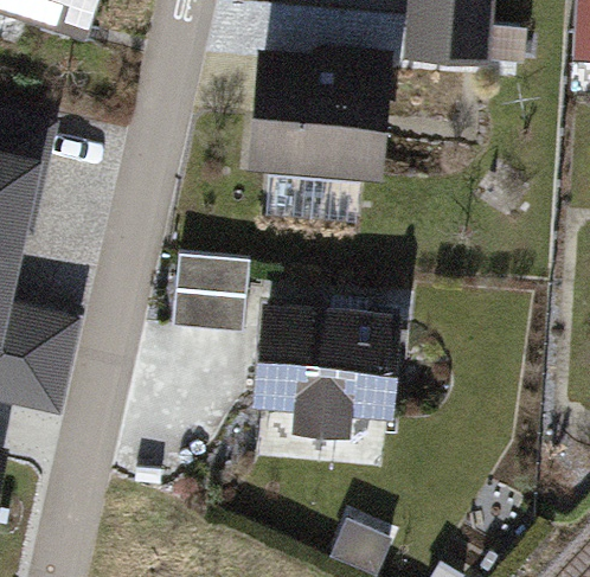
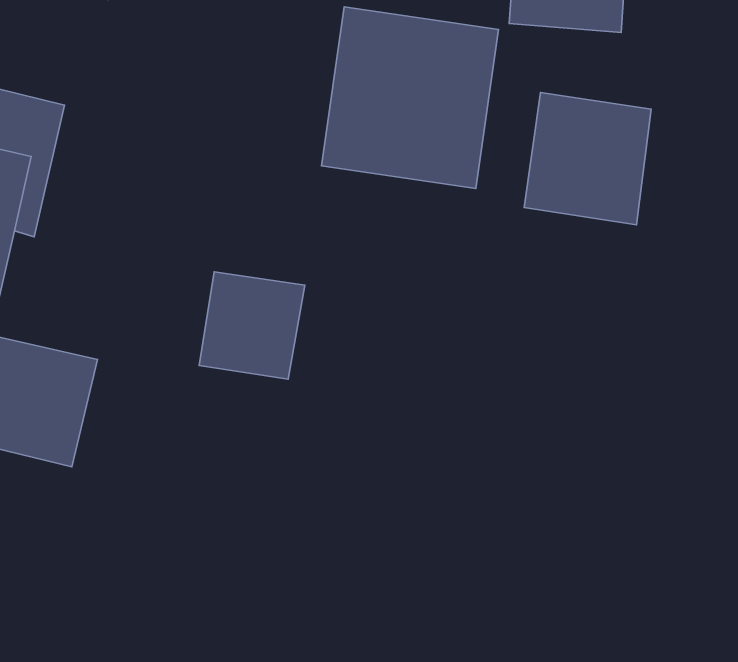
building: none -> [524,93,651,225]
building: [239,290,393,443] -> none

